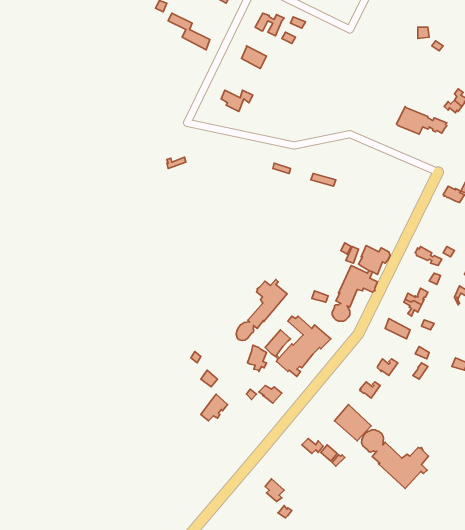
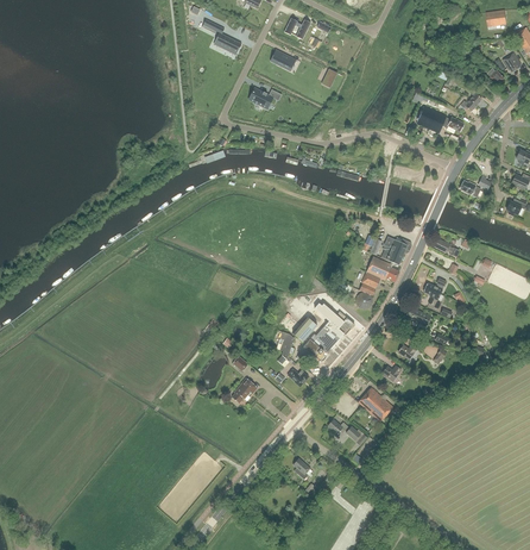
building: [236,279,287,340] -> none
building: [362,430,428,488] -> none

